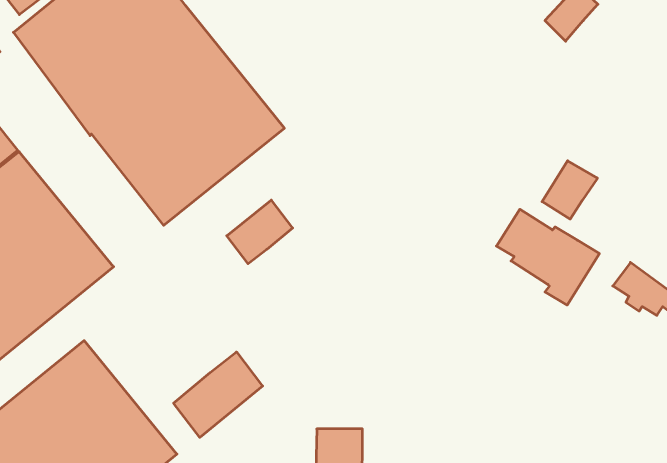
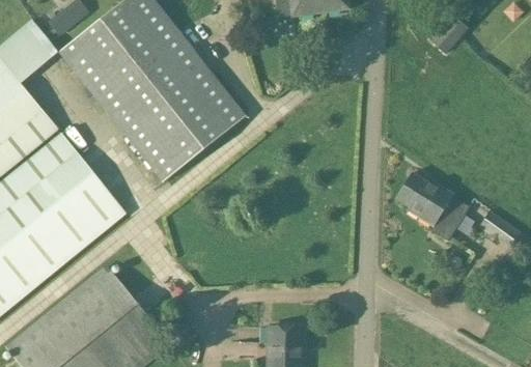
building: [542,161,597,219] -> none
building: [227,200,293,264] -> none
building: [174,352,263,437] -> none

